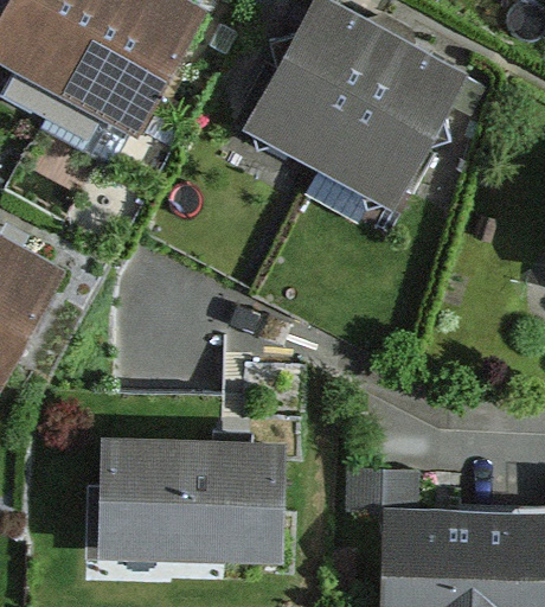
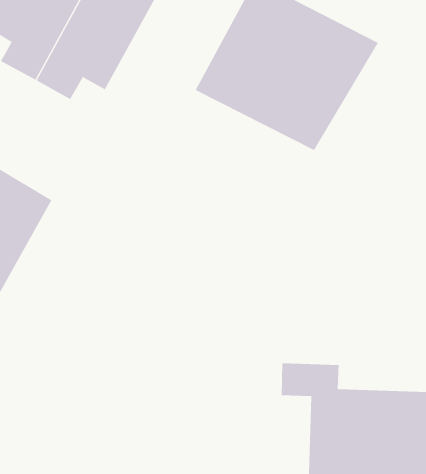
building: [88,437,282,568] -> none

